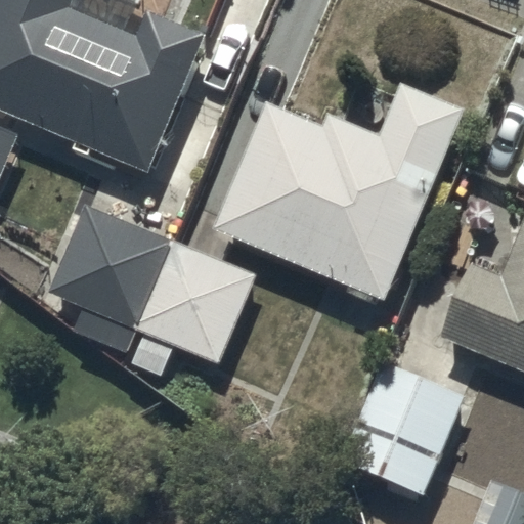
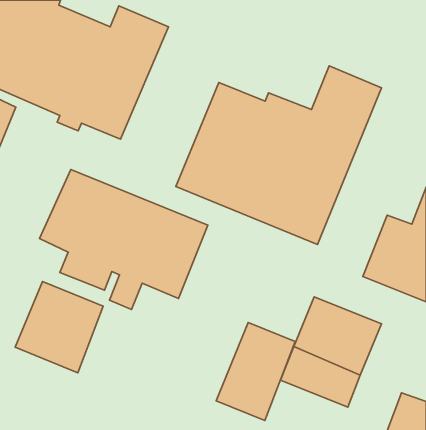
building: none -> [15,282,103,373]
building: none -> [216,322,295,420]

